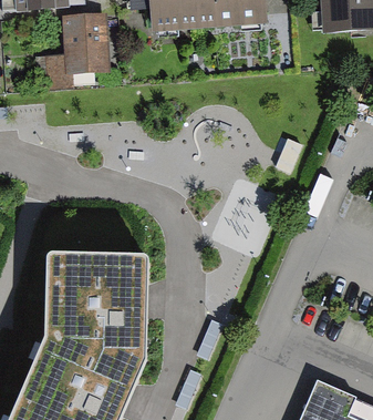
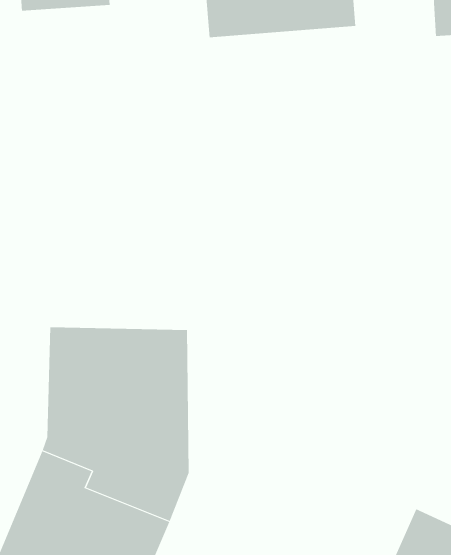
building: [40,16,111,88] -> none

